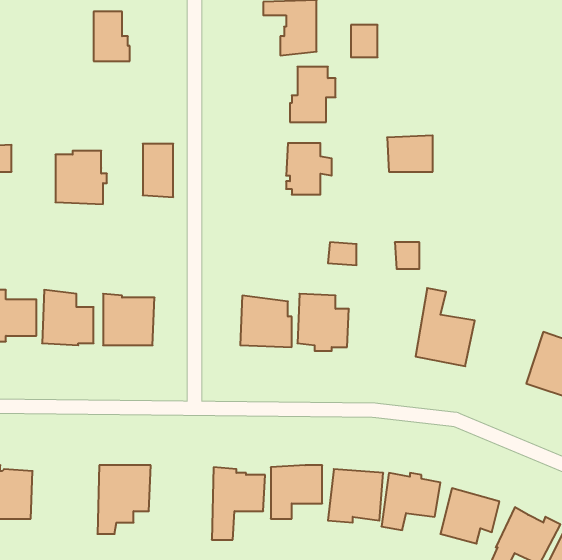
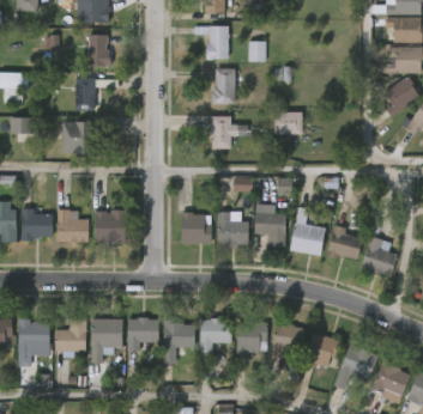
building: [143,144,173,197] -> [74,78,93,111]
building: none -> [253,213,288,246]
building: none -> [325,223,363,264]
building: none -> [126,317,159,351]
building: none -> [55,319,87,352]

